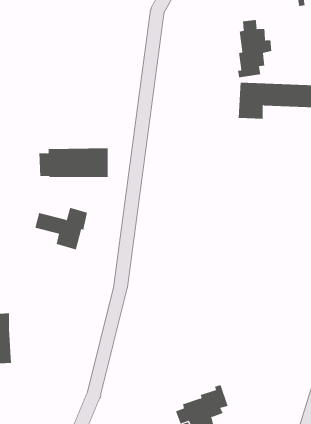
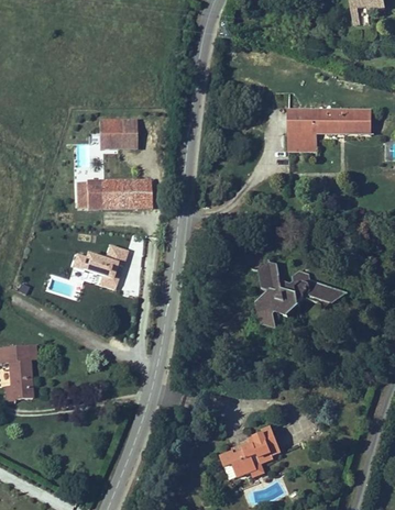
building: [238,19,272,78] -> none
building: none -> [98,119,135,148]
building: none -> [261,265,343,328]

